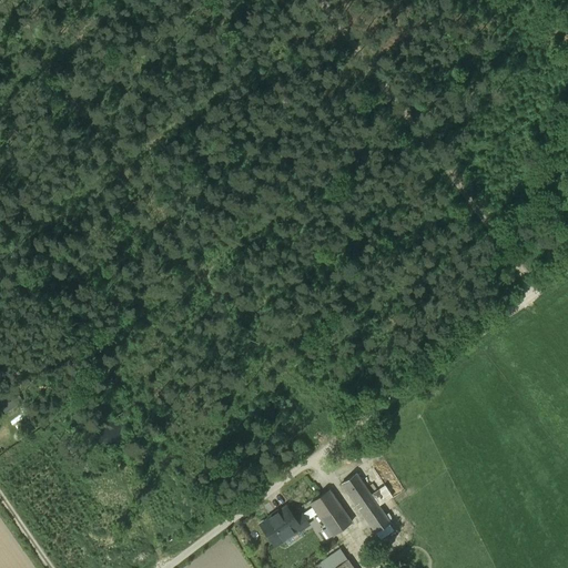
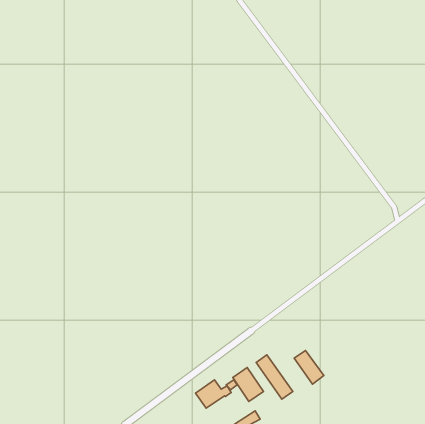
building: none -> [294,350,324,384]

